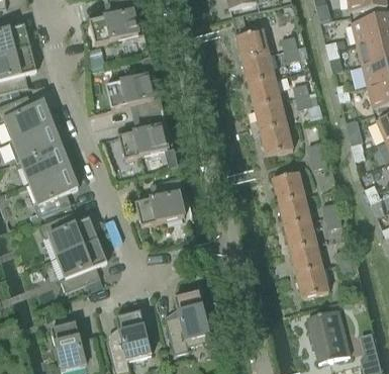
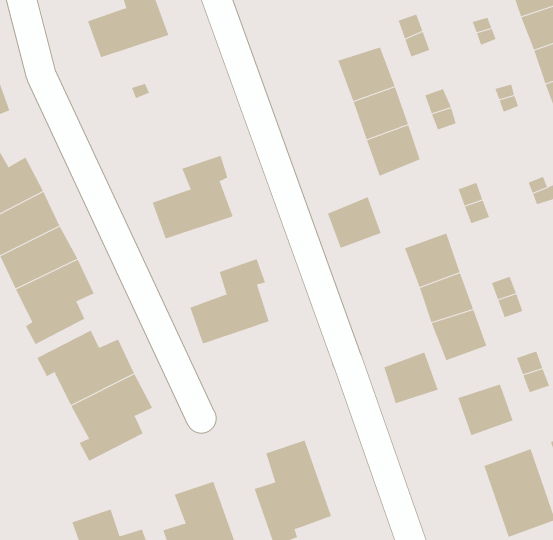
building: [235,29,268,59] -> none
building: [106,74,164,116] -> none
building: [260,124,292,155] -> [327,197,381,249]
building: [290,243,322,273] -> [384,352,438,404]

